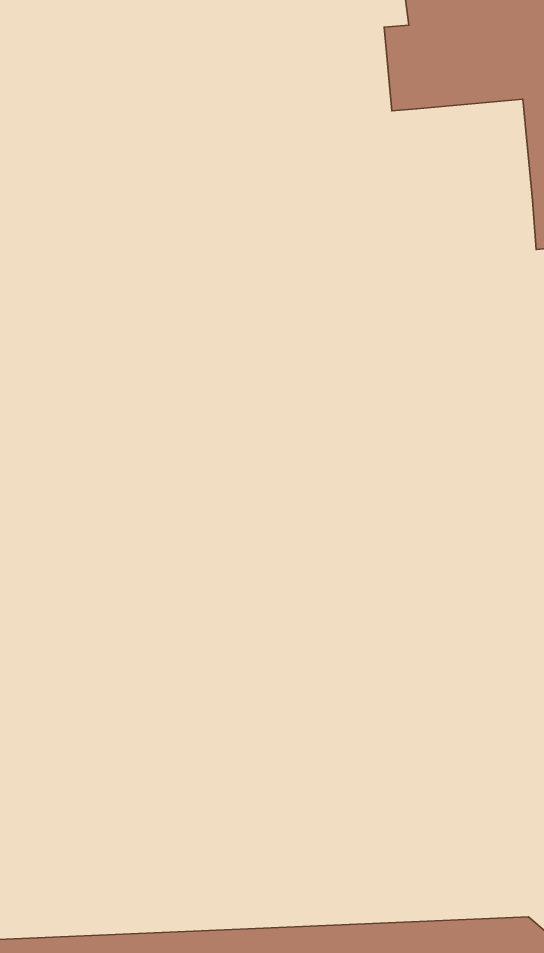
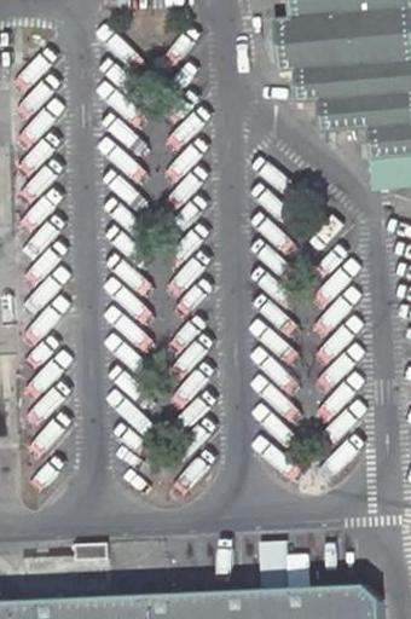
building: none -> [291,65,365,133]

